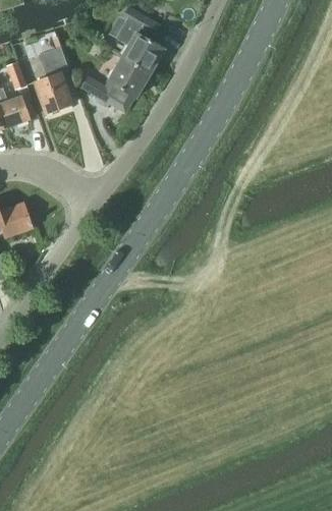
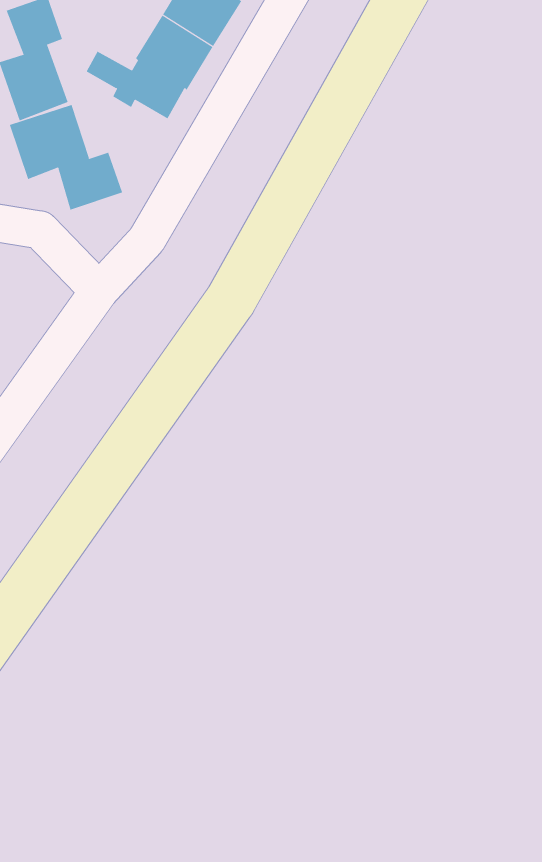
building: none -> [9,104,123,210]

